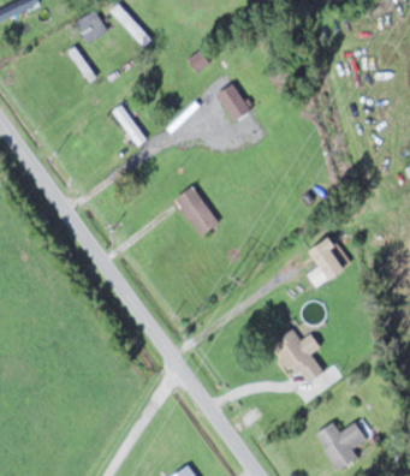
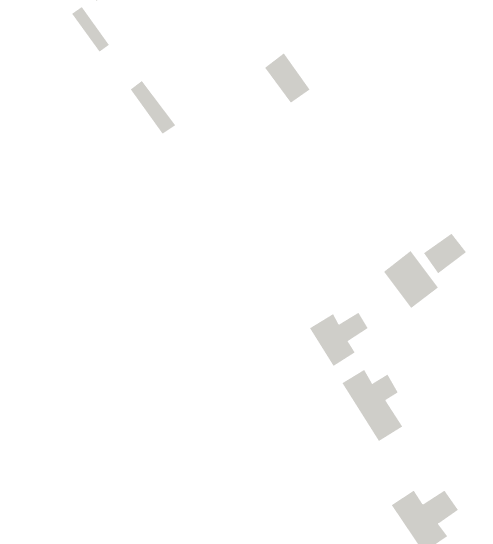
building: [176,186,218,237] -> none
building: none -> [423,233,467,274]
building: none -> [309,312,369,367]

